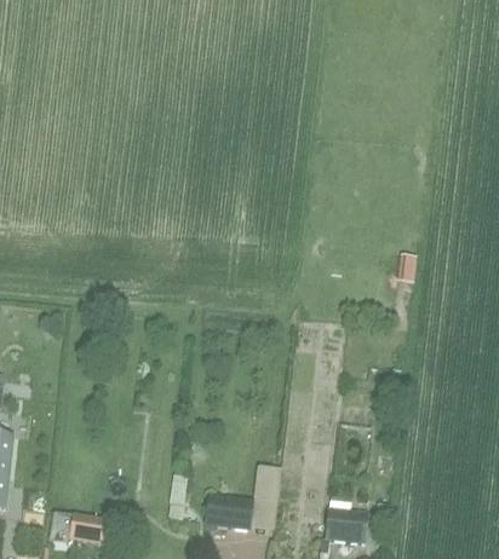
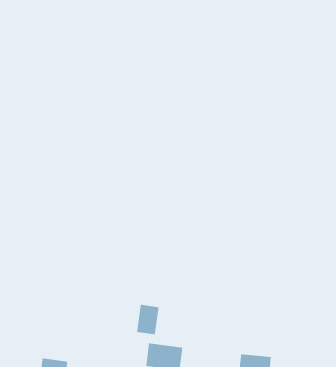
building: none -> [137,304,159,335]

